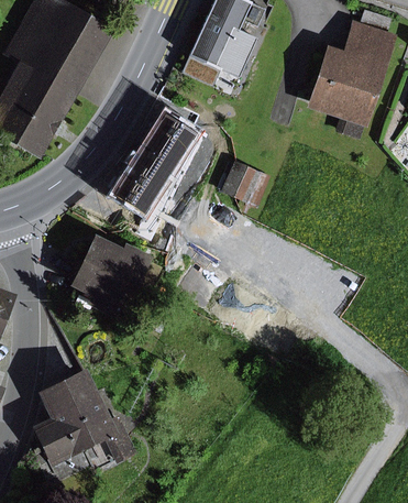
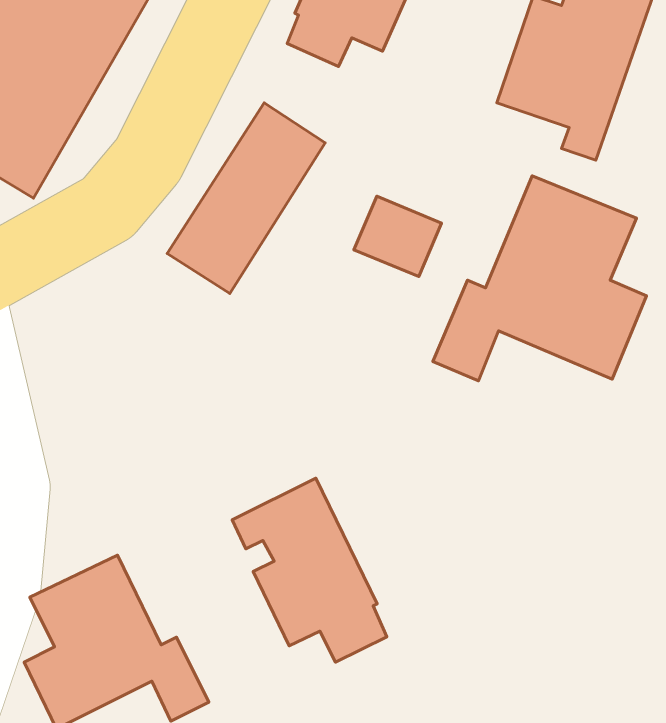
building: none -> [433,176,647,381]
building: [68,233,152,321] -> none
building: none -> [232,478,387,662]

